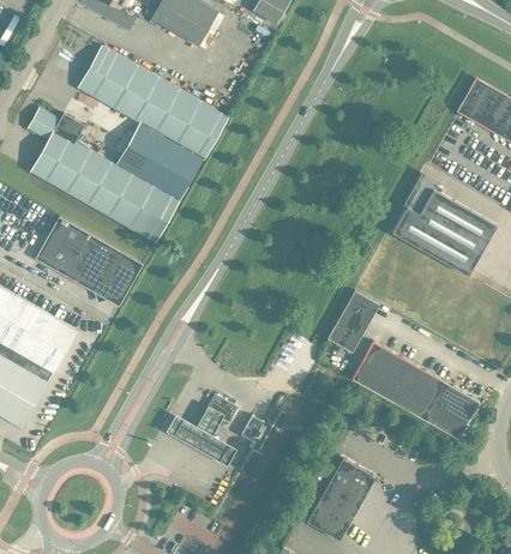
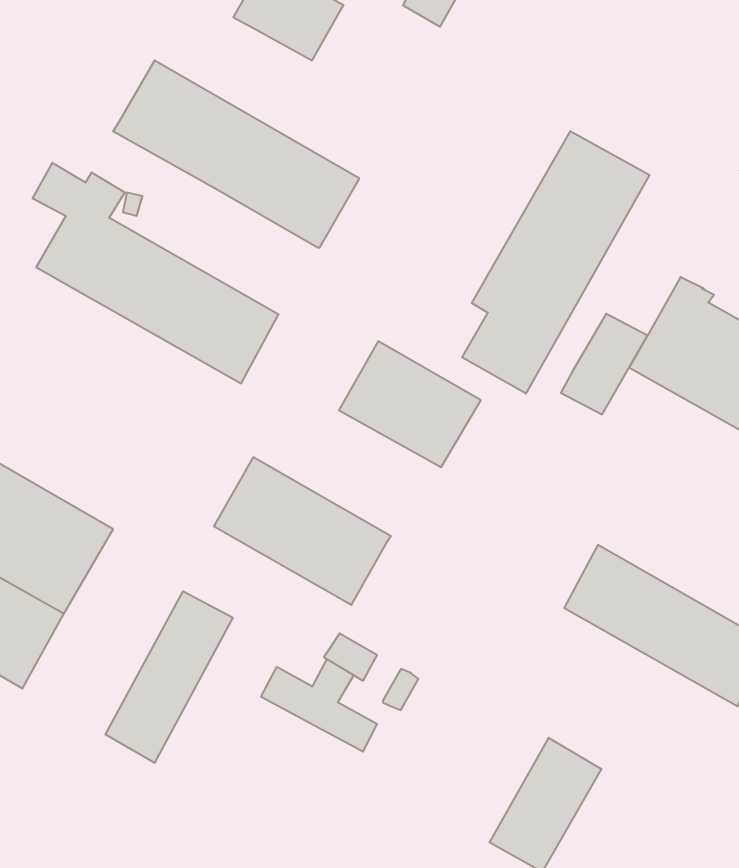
building: none -> [462,131,649,394]
building: [115,124,202,200] -> [339,341,481,467]
building: [35,217,143,307] -> [214,457,391,605]
building: [326,291,379,353] -> [561,314,647,414]
building: none -> [105,591,233,763]

